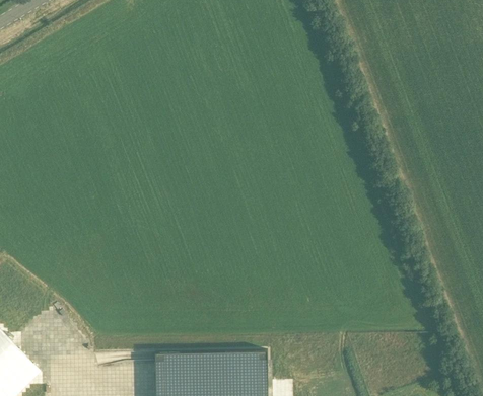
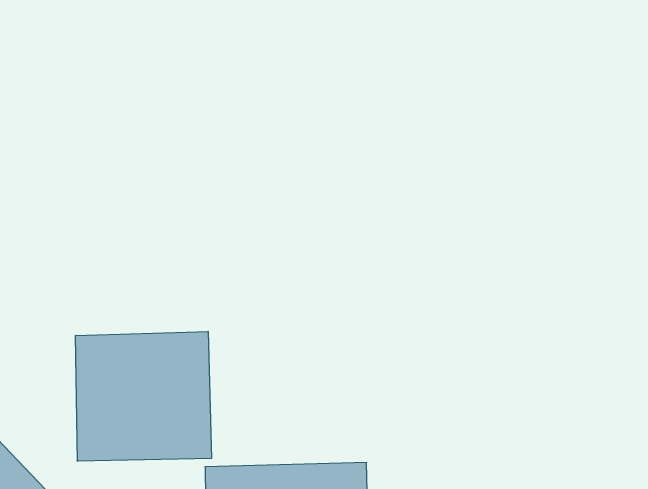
building: none -> [76,331,211,461]

